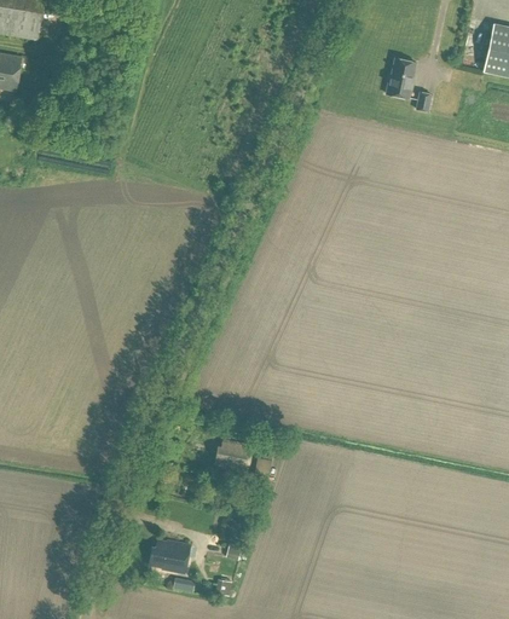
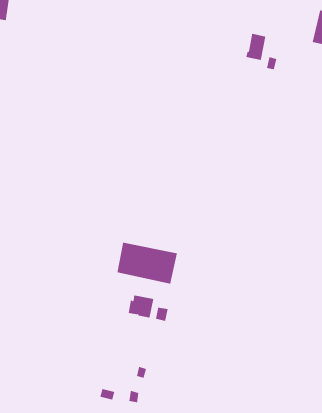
building: none -> [117,242,178,284]
building: [149,539,190,572] -> none

